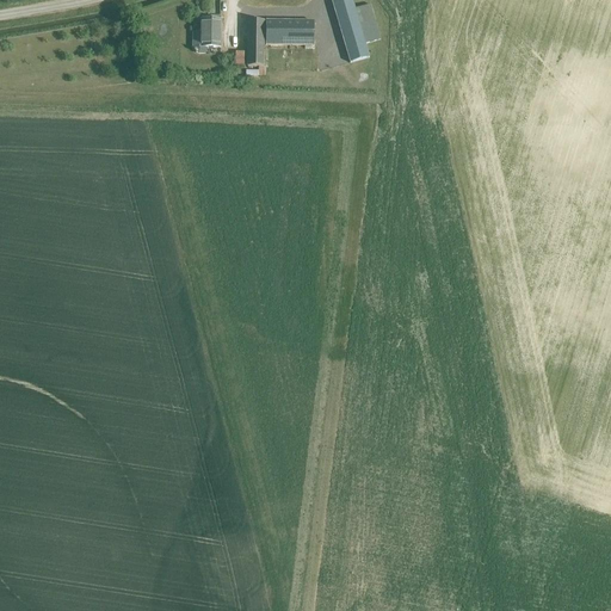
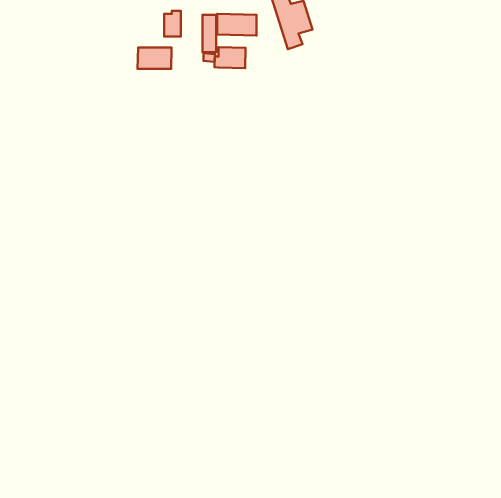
building: none -> [215,47,246,68]
building: none -> [138,47,172,69]

